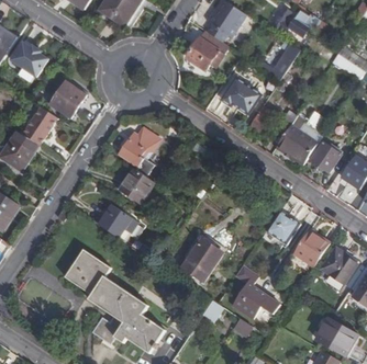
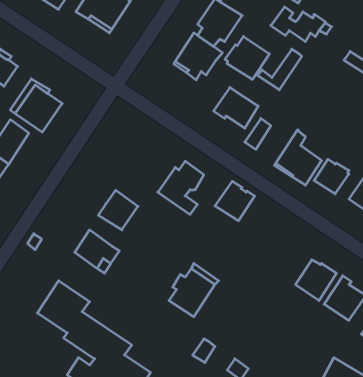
building: none -> [225,36,269,79]
building: [119,127,159,174] -> [158,161,204,214]
building: [265,209,300,244] -> [215,181,255,221]
building: [232,265,279,318] -> none

